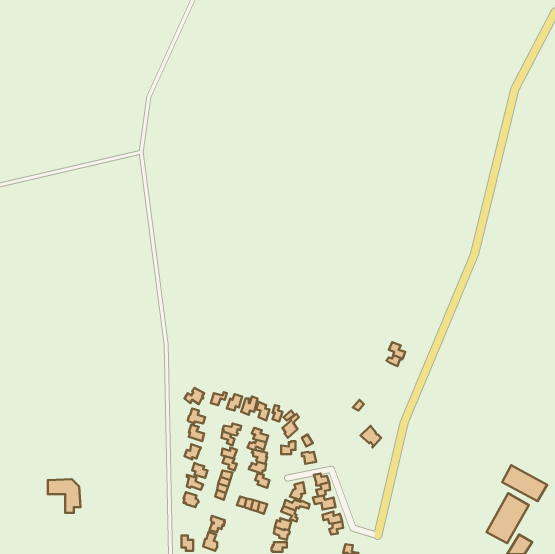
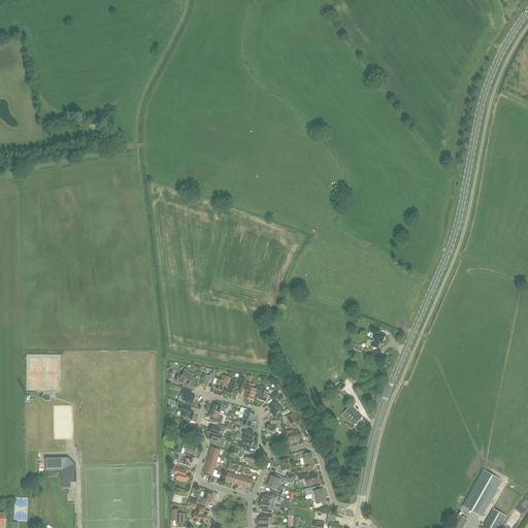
building: [502,465,547,501] -> none

